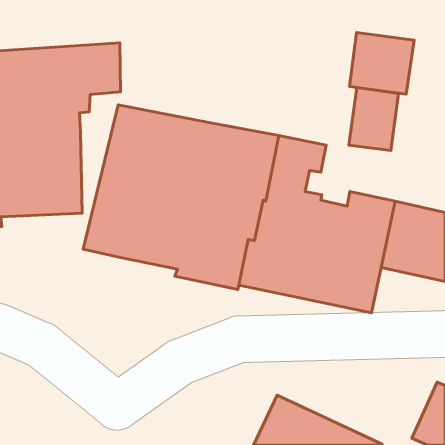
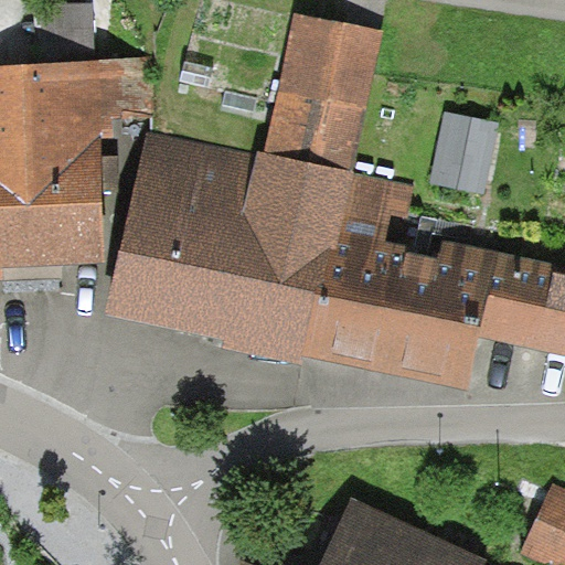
building: none -> [264,12,382,171]
building: [349,32,414,94] -> none

